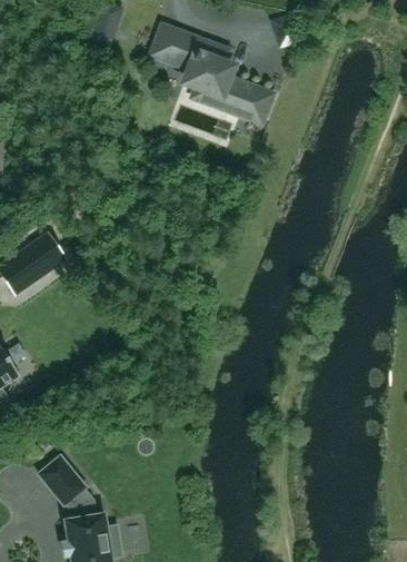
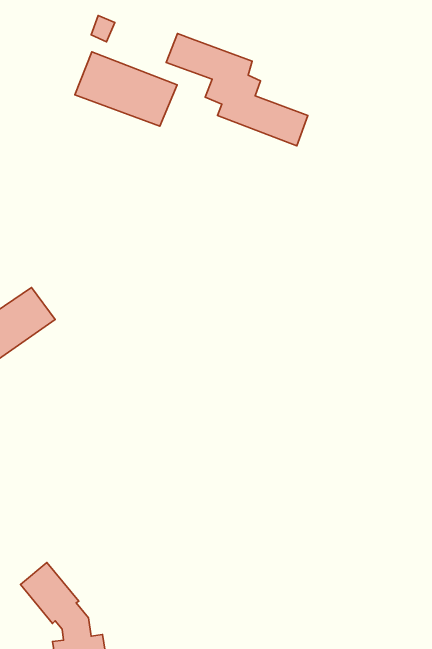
building: none -> [75,52,177,126]

